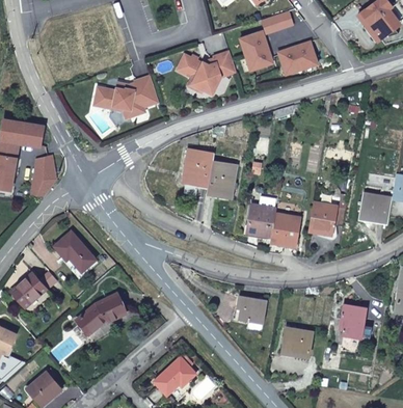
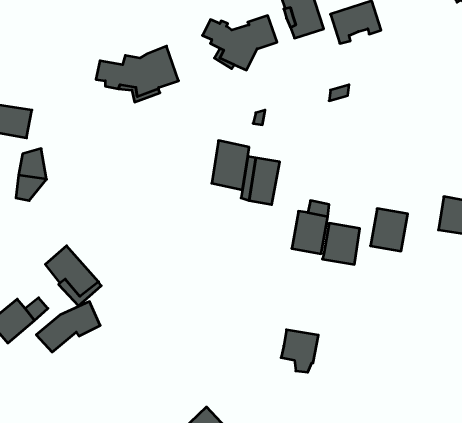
building: [76,295,126,334] -> [36,302,100,352]
building: [341,305,371,344] -> none
building: [281,328,313,357] -> none

